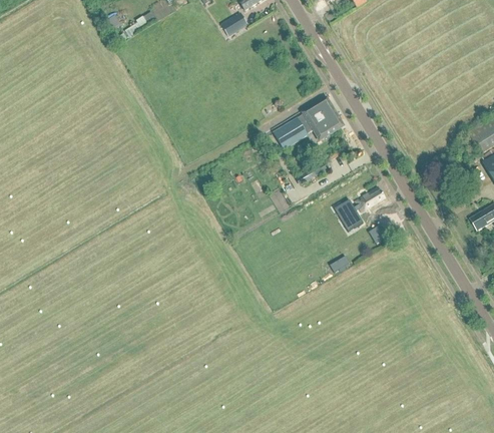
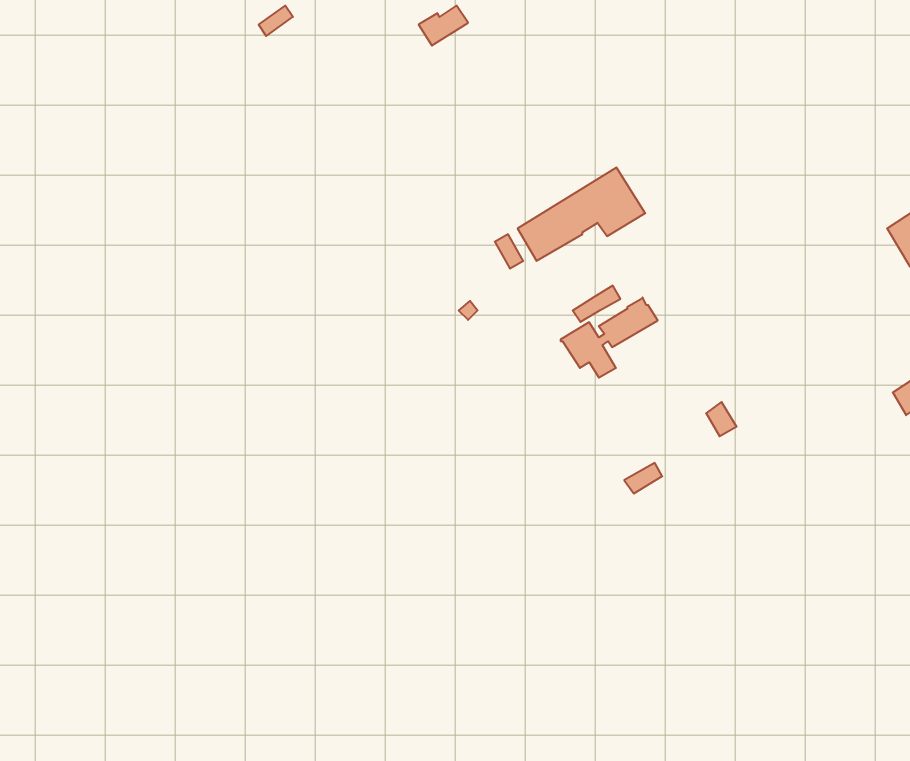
building: [335,185,386,228] -> [561,297,658,378]

